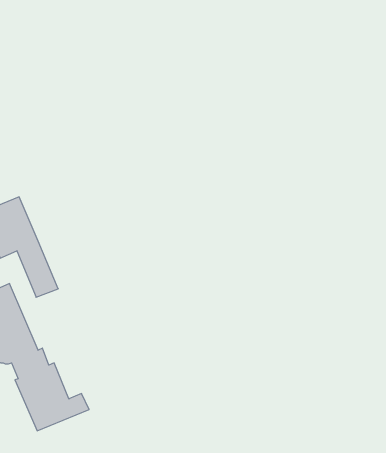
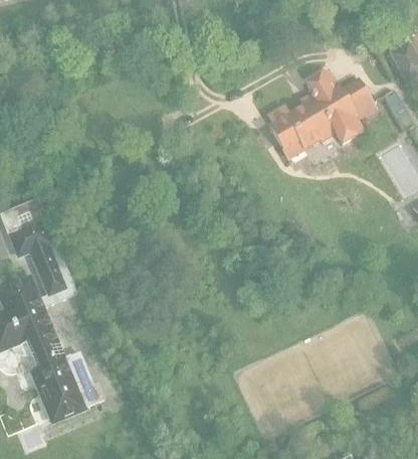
building: none -> [267,71,374,150]

